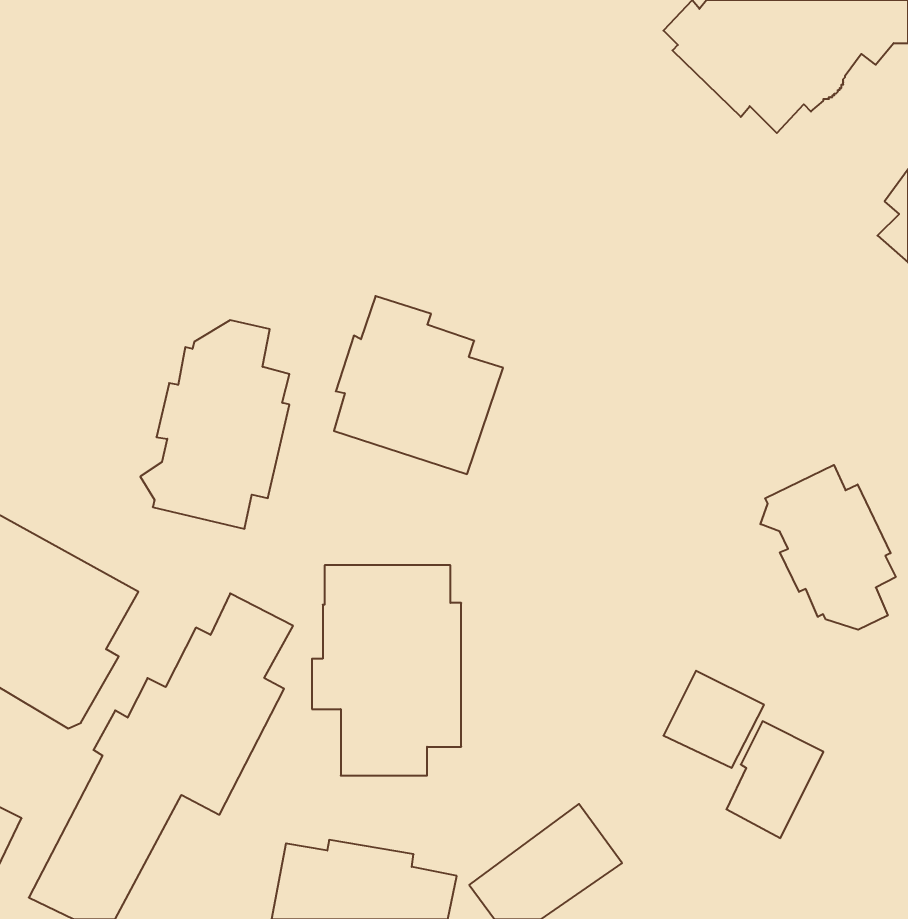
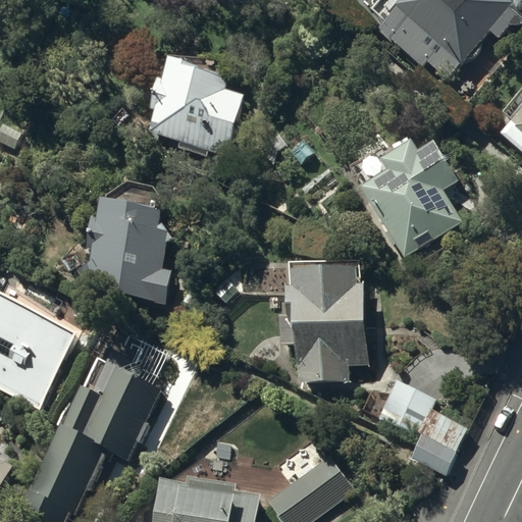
building: none -> [351,140,463,256]
building: [334,296,503,474] -> [150,55,246,156]
building: [760,465,896,630] -> none
building: [312,565,461,776] -> [281,262,366,381]

